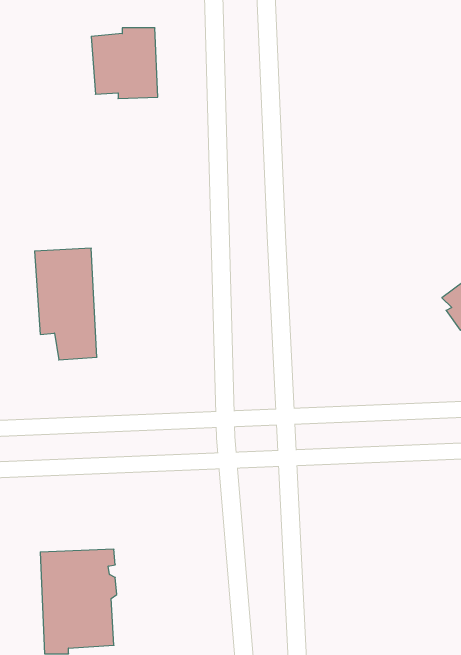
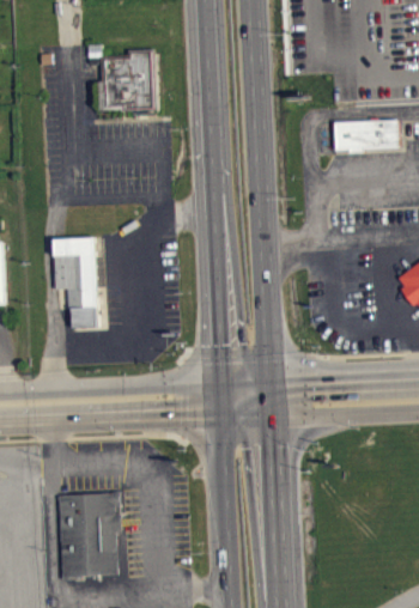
building: none -> [333,120,400,150]

